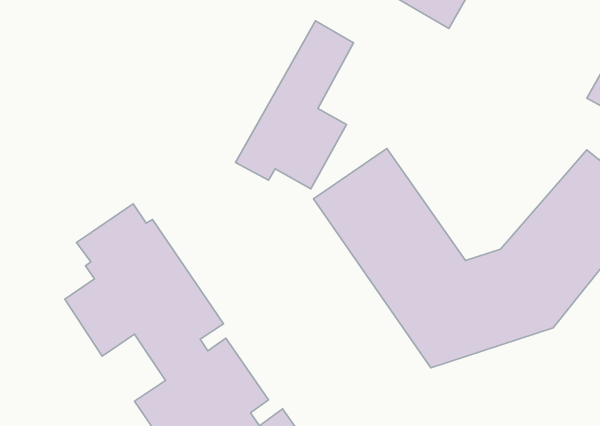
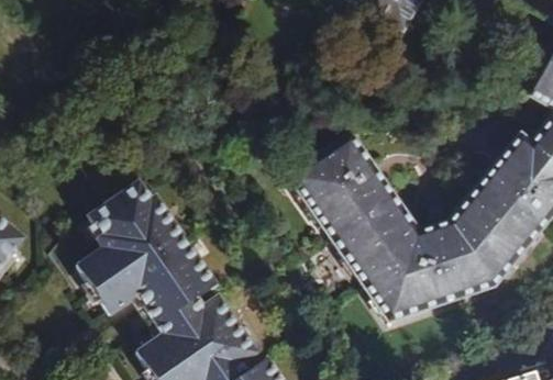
building: [235,21,354,189] -> none

